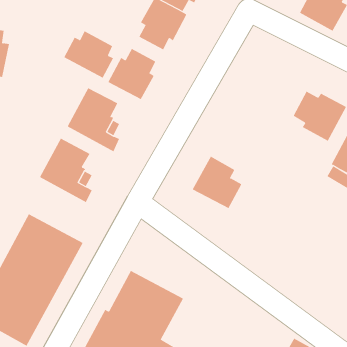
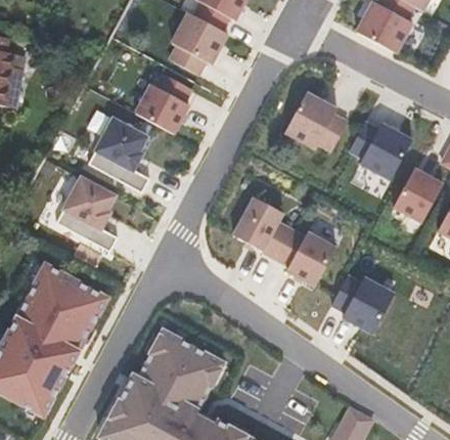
building: [63,31,114,79] -> none
building: none -> [284,92,347,150]
building: none -> [275,229,335,285]
building: none -> [331,275,393,333]

